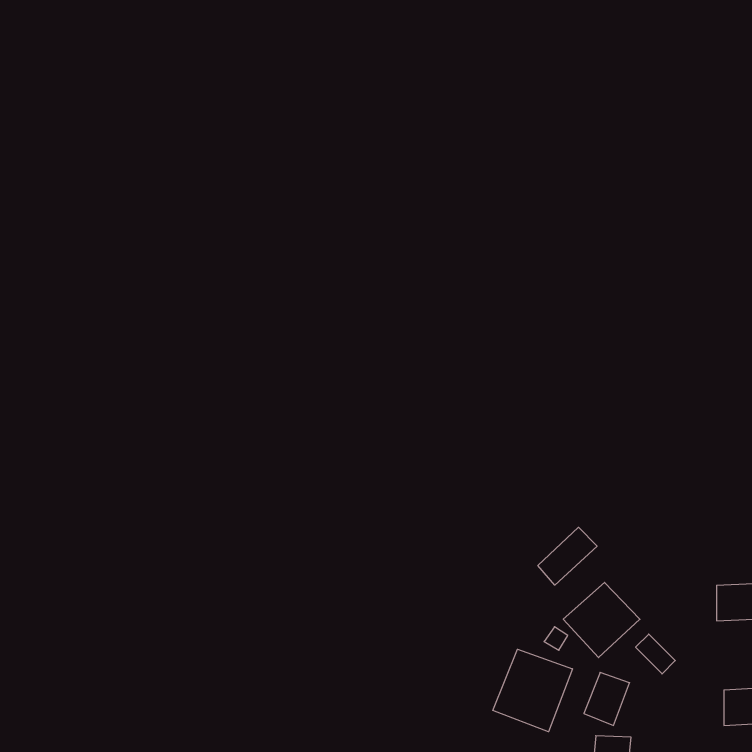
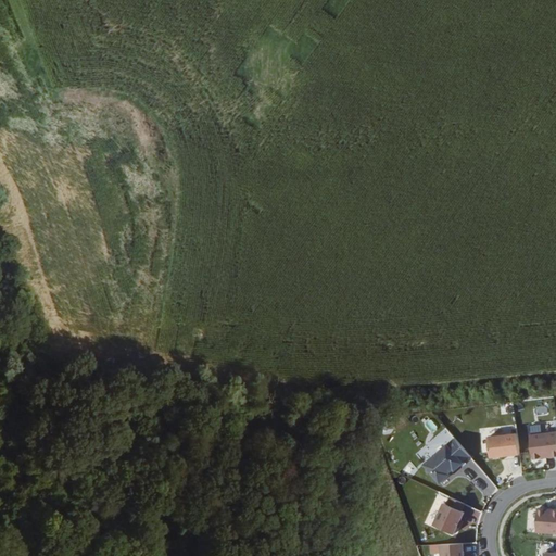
building: [538,527,597,585] -> none
building: none -> [485,433,519,457]
building: [493,649,572,732] -> none

